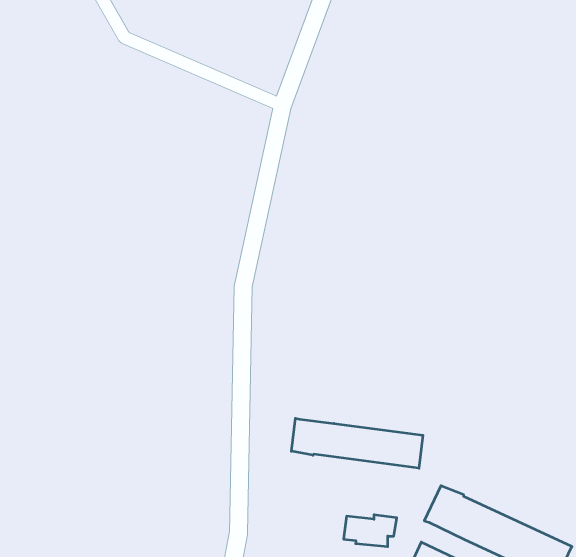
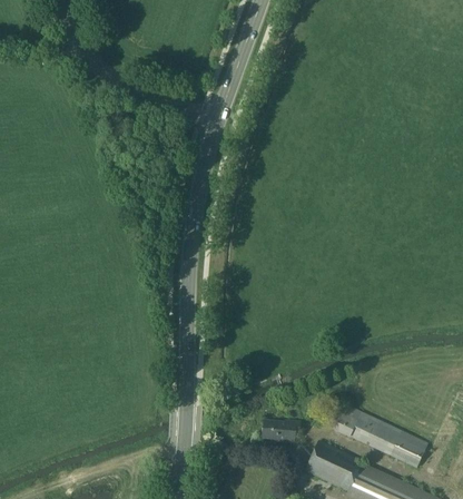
building: [291,418,423,468] -> none

